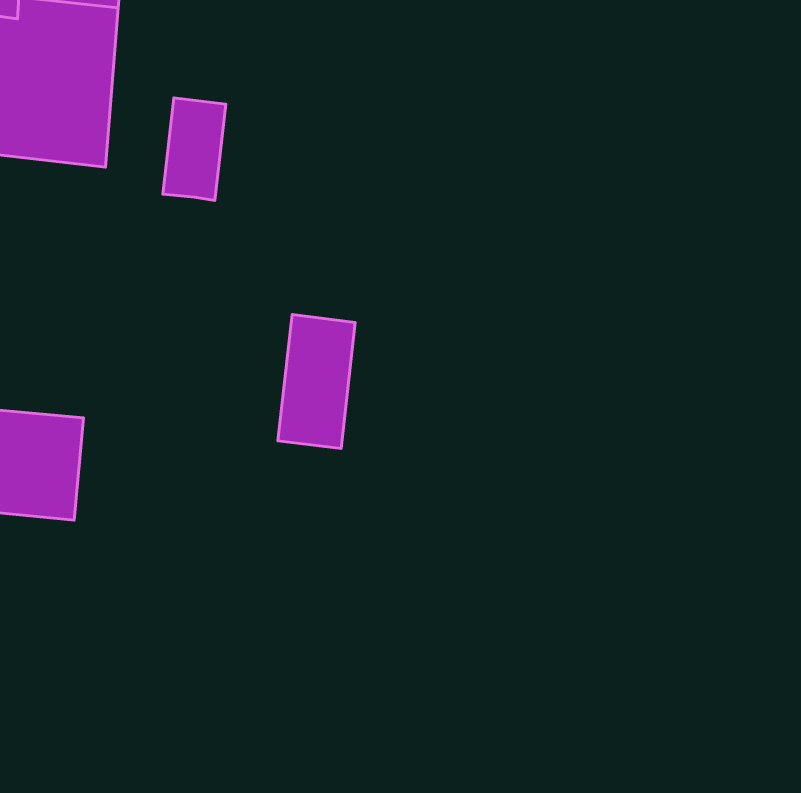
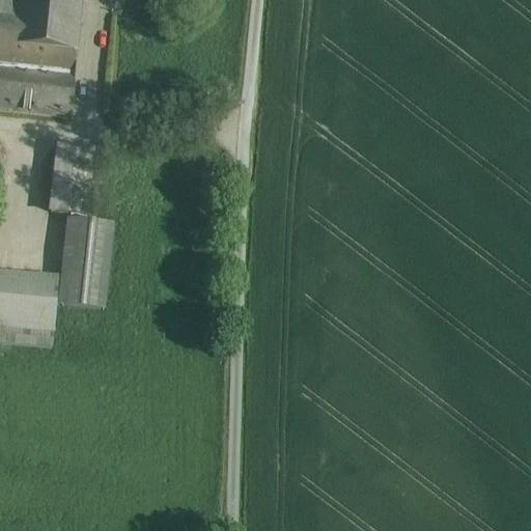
building: [163,98,226,200] -> [49,142,90,209]
building: [278,315,355,449] -> [59,216,110,304]

